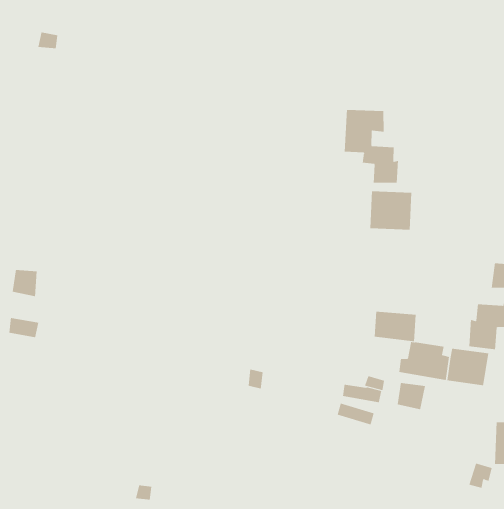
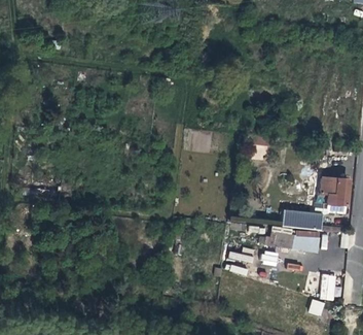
building: [344,109,399,183] -> none
building: [374,311,416,342] -> [282,209,307,228]

